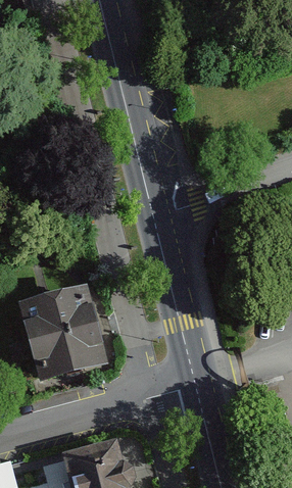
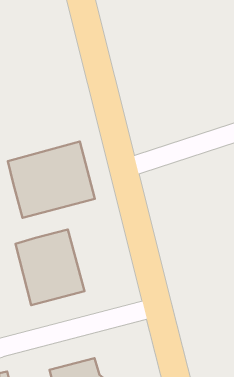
building: none -> [8,142,95,218]

